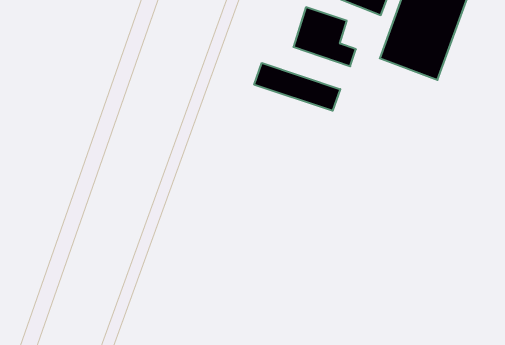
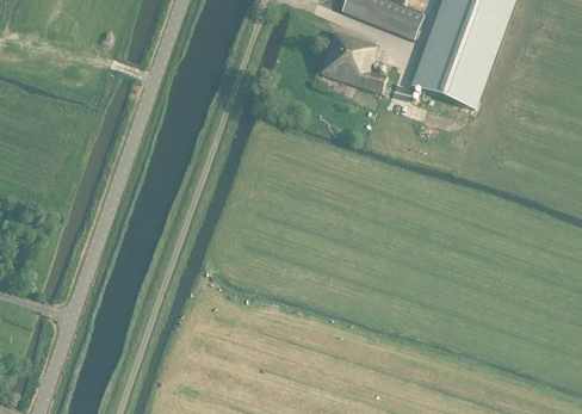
building: [254,63,340,111] -> none

